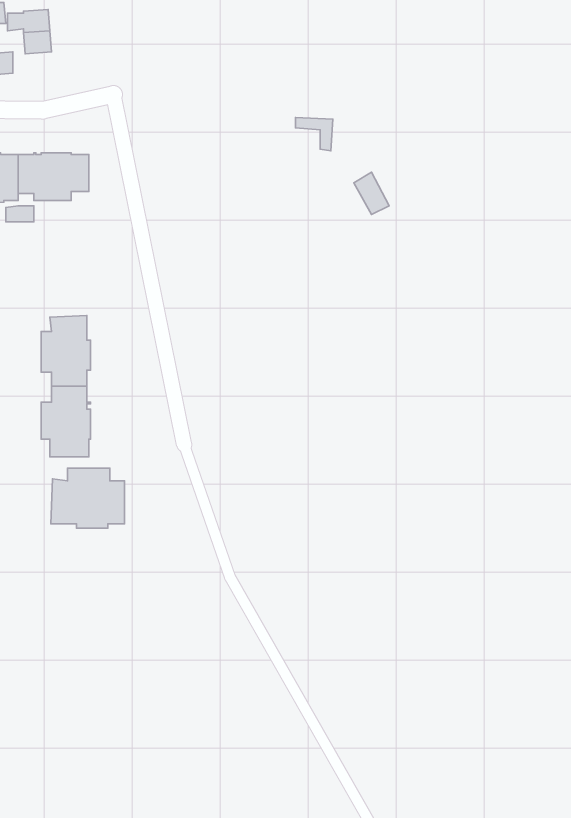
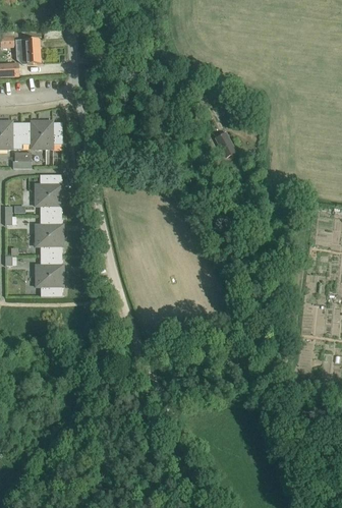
building: none -> [35,173,63,215]
building: [51,468,124,528] -> none

